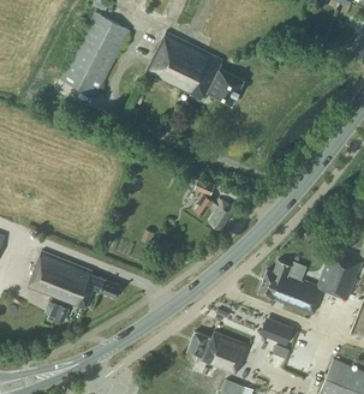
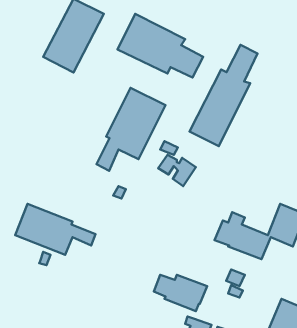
building: none -> [189,45,258,146]
building: none -> [97,88,166,171]

